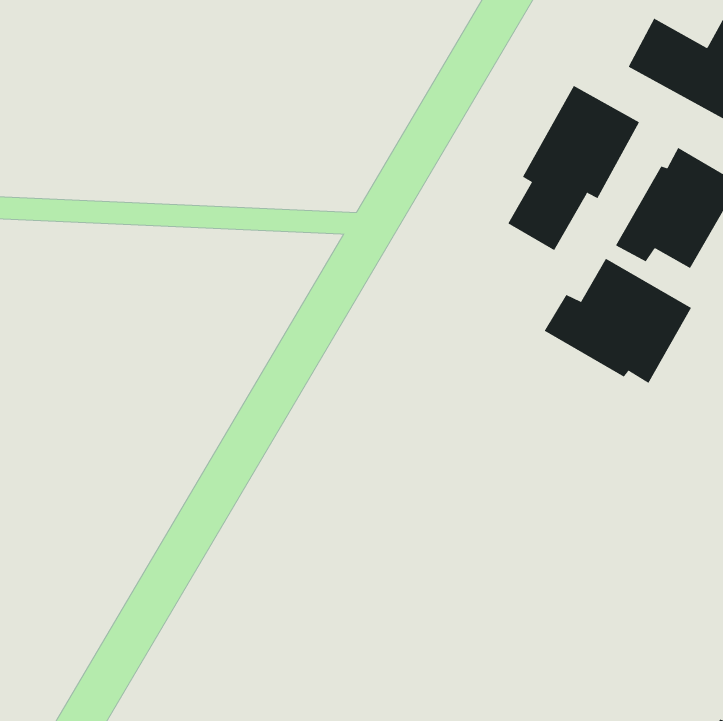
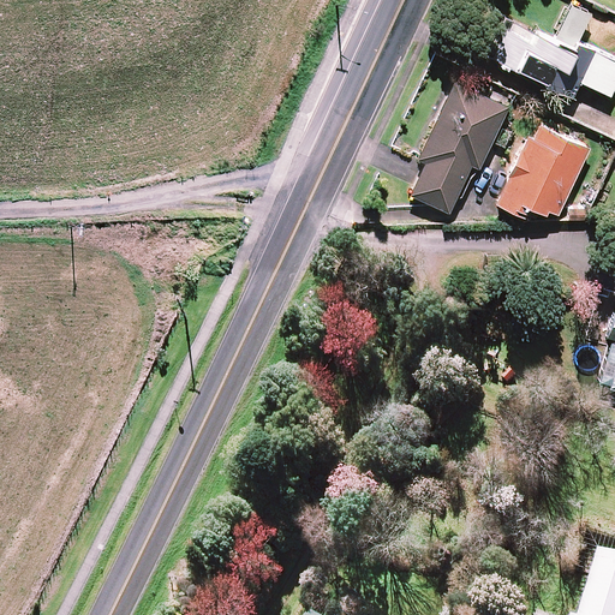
building: [544,258,692,384] -> none

